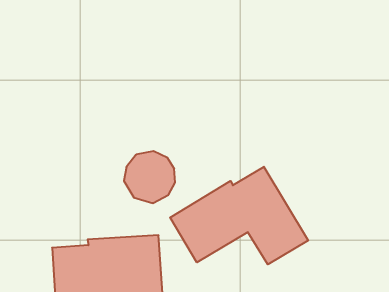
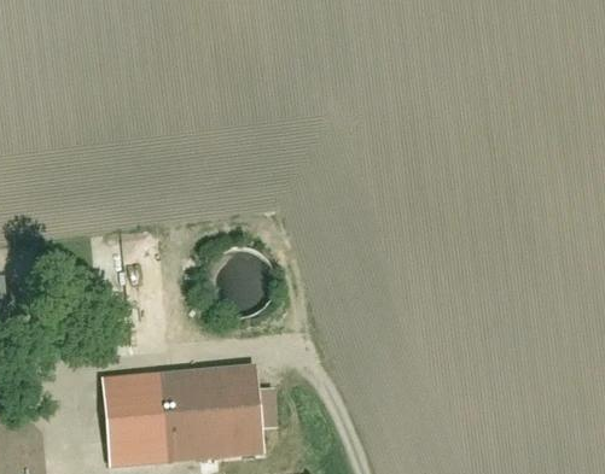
building: [170,167,308,264] -> none

